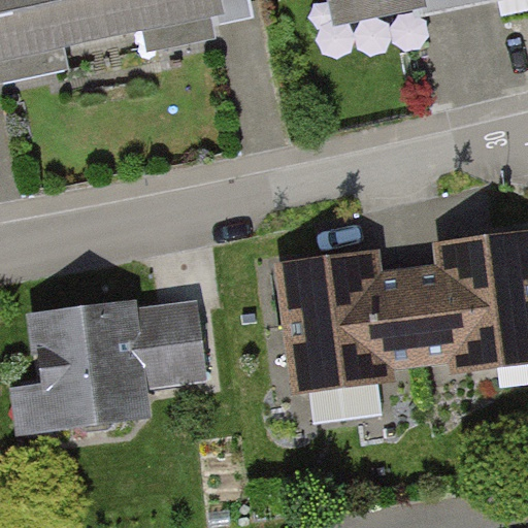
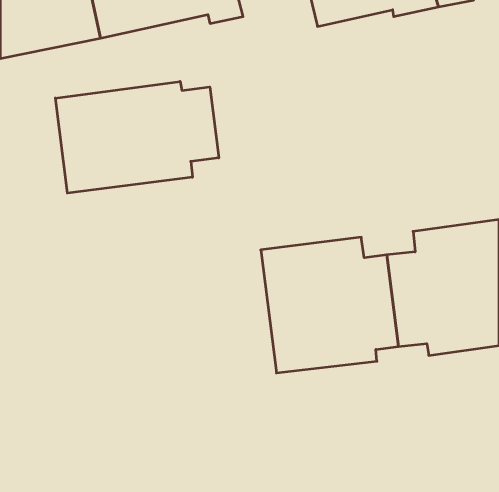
building: none -> [55,81,219,193]
building: [13,298,210,433] -> none

